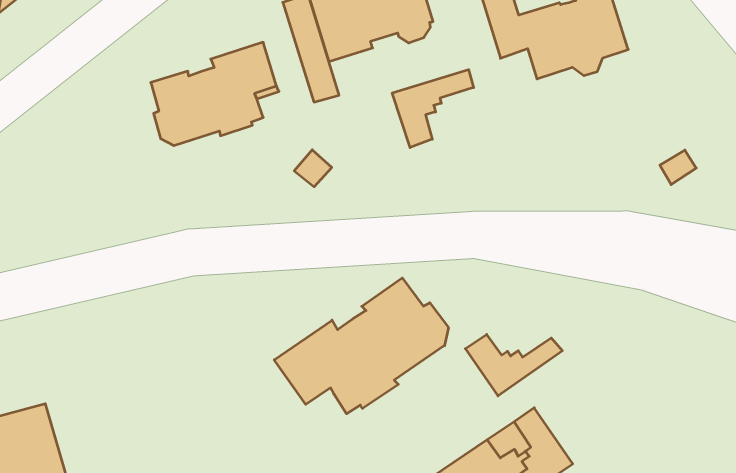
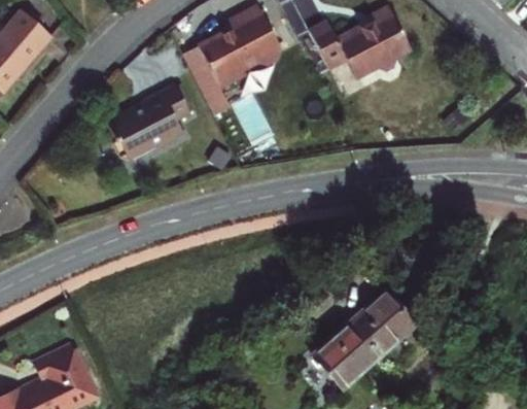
building: [392,70,474,148] -> none
building: [274,278,448,414] -> none
building: [465,334,562,396] -> none

